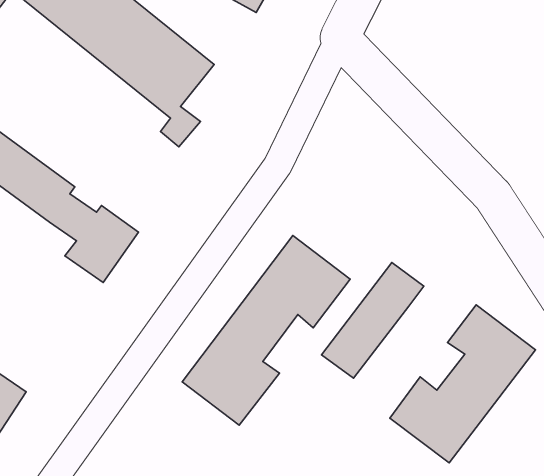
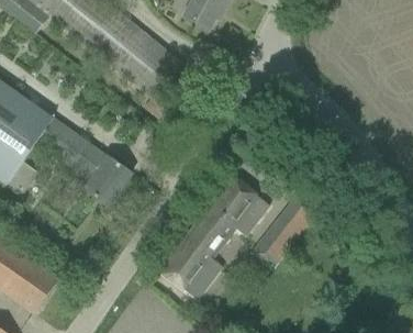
building: [390,305,535,463] -> none

